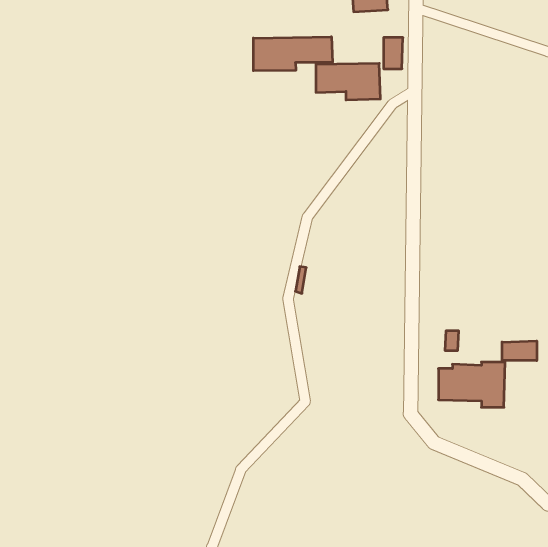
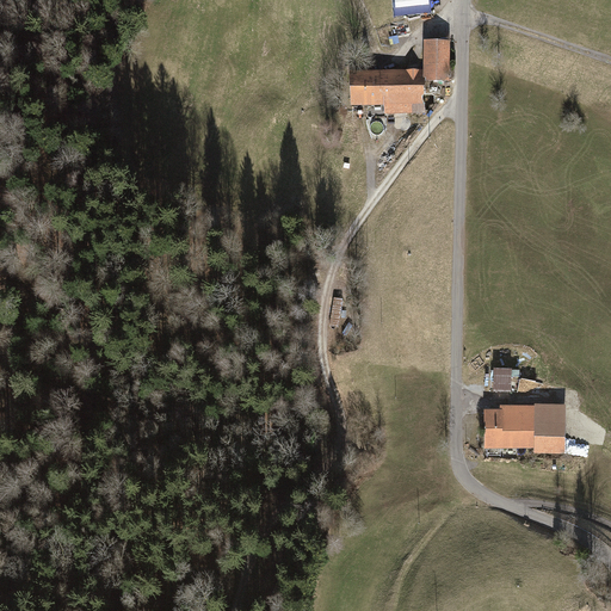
building: [253,37,332,71] -> none
building: [502,341,537,361] -> none

